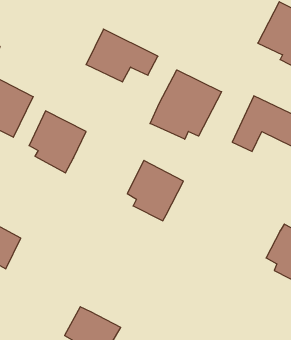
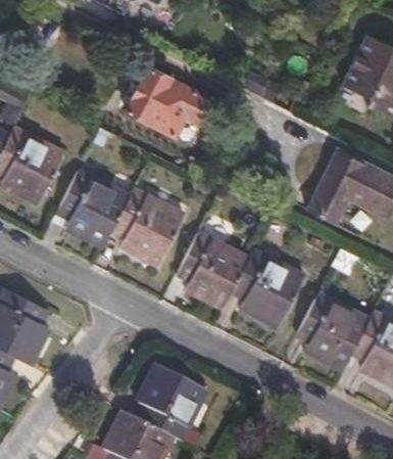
building: [150,70,222,139] -> none
building: none -> [113,189,184,265]
building: none -> [228,251,302,326]
building: none -> [297,293,369,370]
building: none -> [135,365,206,443]

